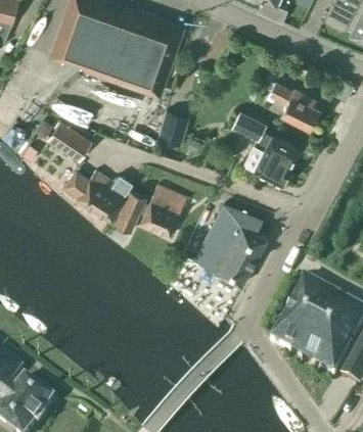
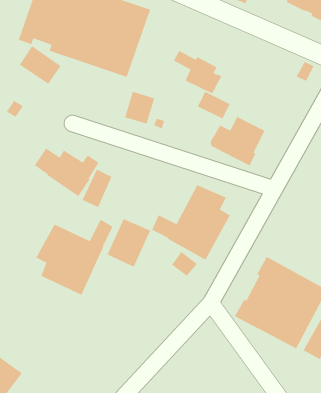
building: [269,81,320,127] -> [173,50,222,95]
building: [47,118,91,159] -> [19,45,62,85]
building: [140,184,186,235] -> [106,218,151,268]
building: none -> [35,218,113,296]

